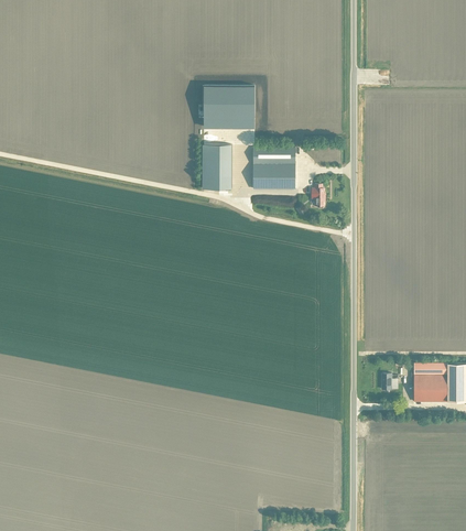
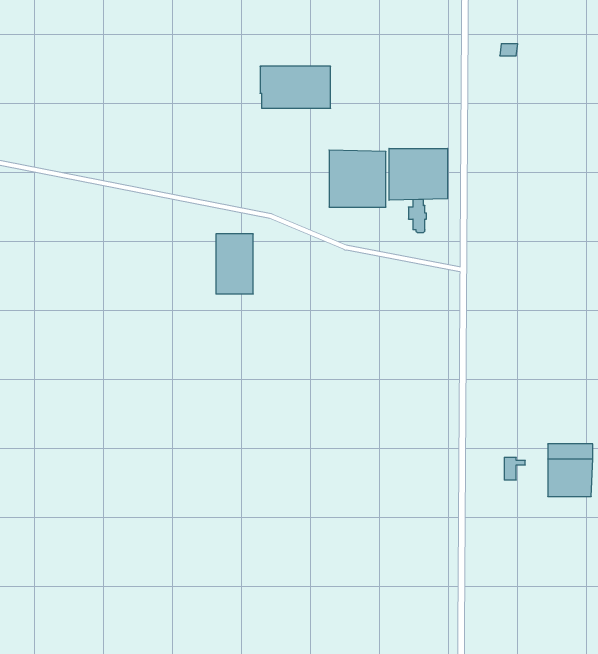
building: [203,147,230,191] -> [216,234,253,294]
building: none -> [389,148,448,200]

